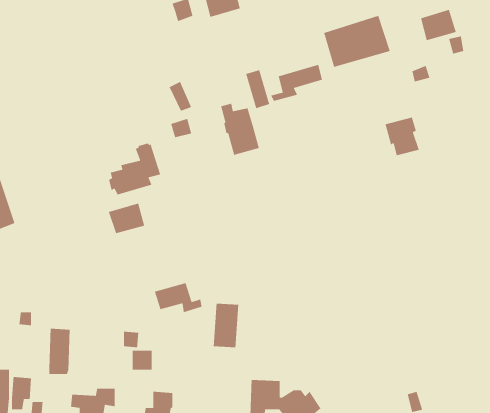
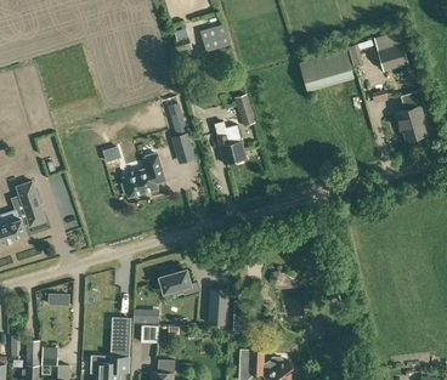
building: [270,64,323,102] -> none
building: [384,116,420,156] -> [396,107,425,140]
building: [108,202,145,234] -> none
building: [48,328,71,375] -> [112,318,130,357]

